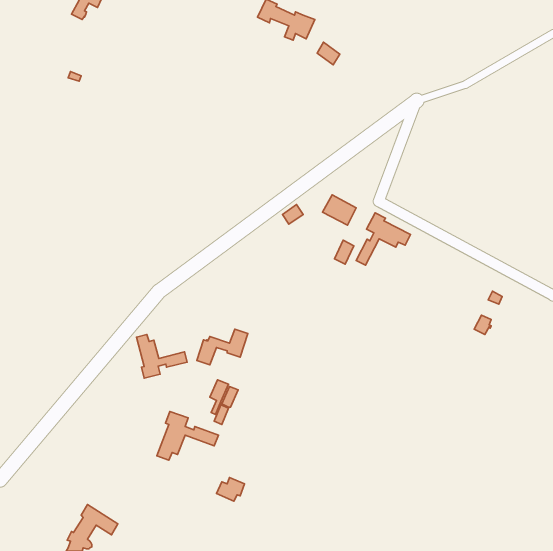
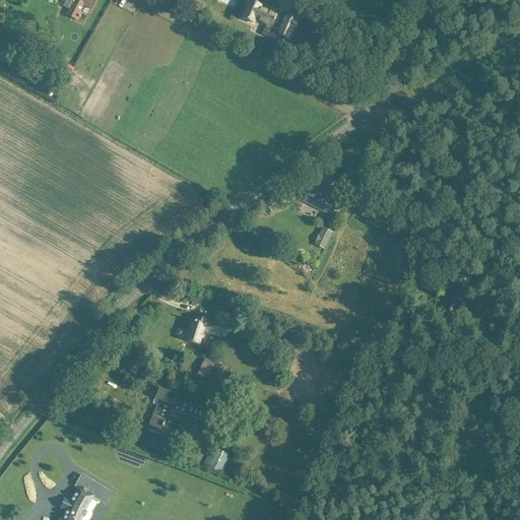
building: [356,213,411,265] -> none
building: [137,334,187,378] -> none

